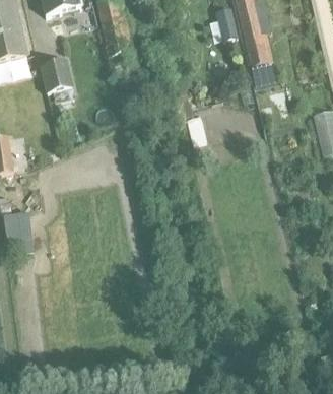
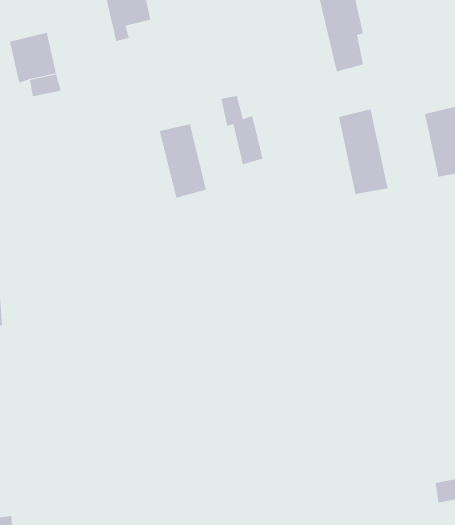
building: none -> [339,109,388,195]
building: none -> [159,123,207,199]

